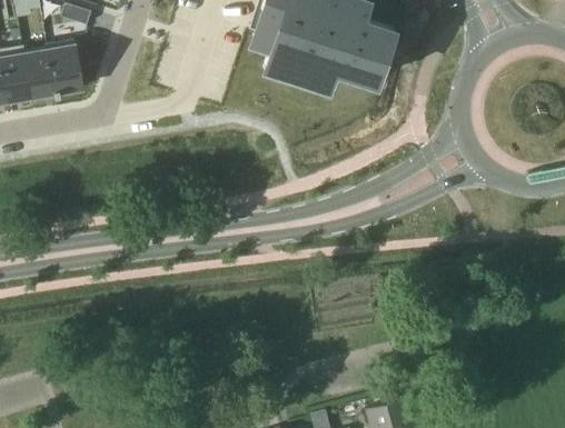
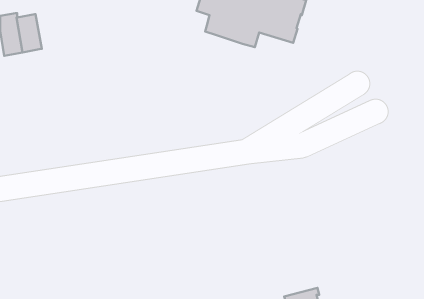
building: [44,40,81,98] -> none

